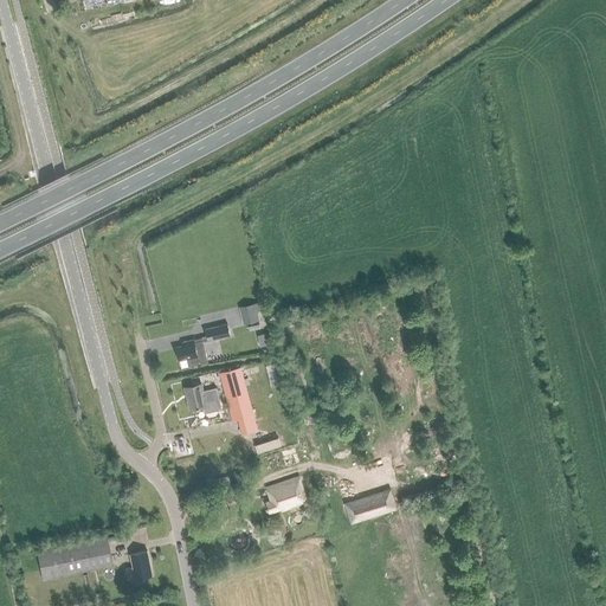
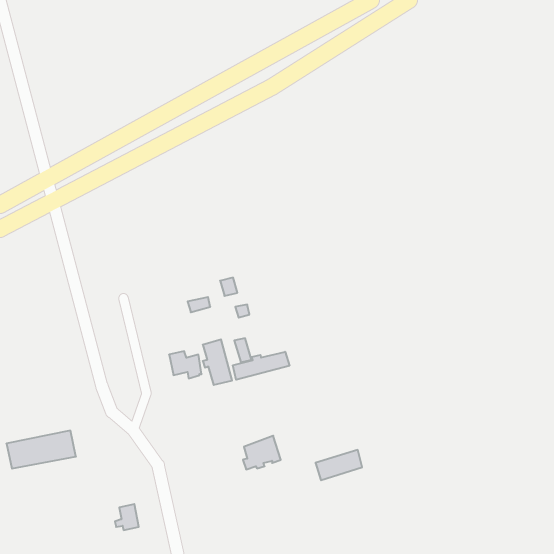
building: [175,340,207,366] -> none
building: none -> [233,352,289,380]
building: [37,537,112,579] -> [6,431,76,469]

